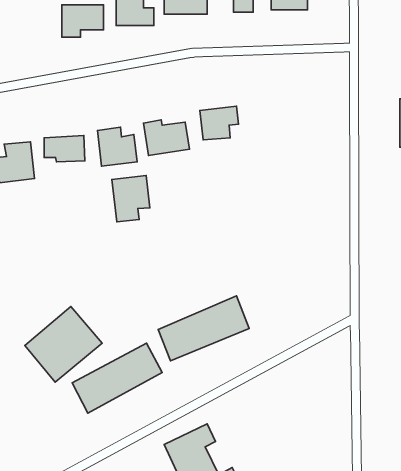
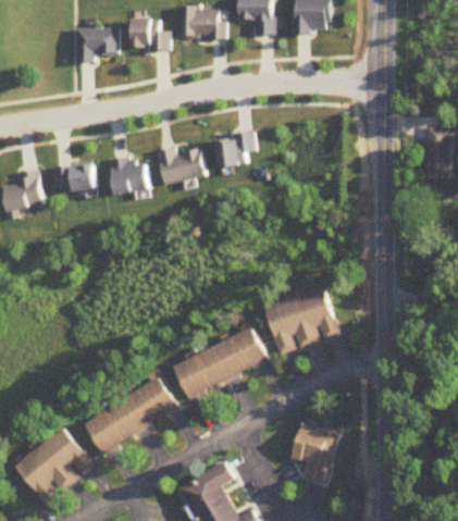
building: [112,175,150,222] -> none
building: none -> [265,288,339,353]
building: [25,307,102,382] -> [14,426,95,505]
building: none -> [289,422,336,483]

